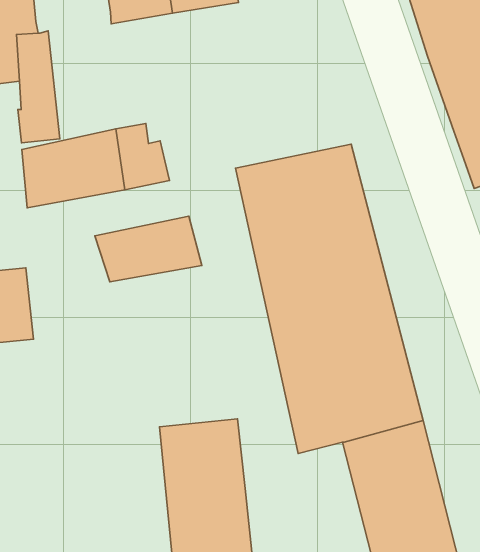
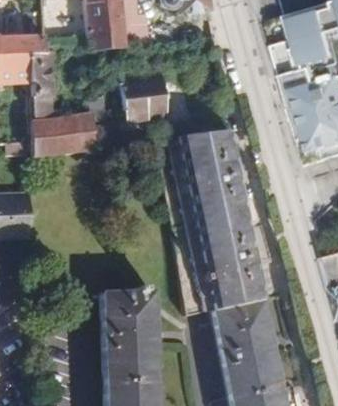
building: none -> [119,74,166,120]
building: [95,216,202,282] -> none

